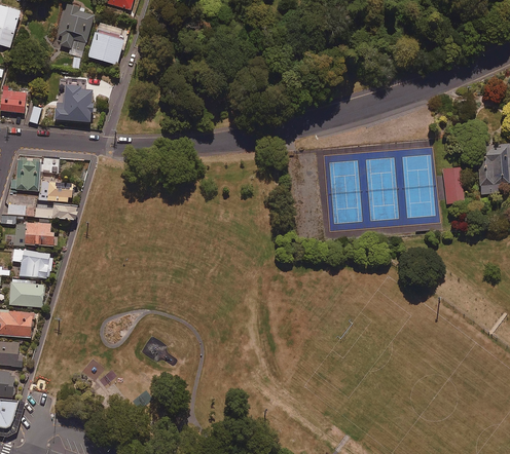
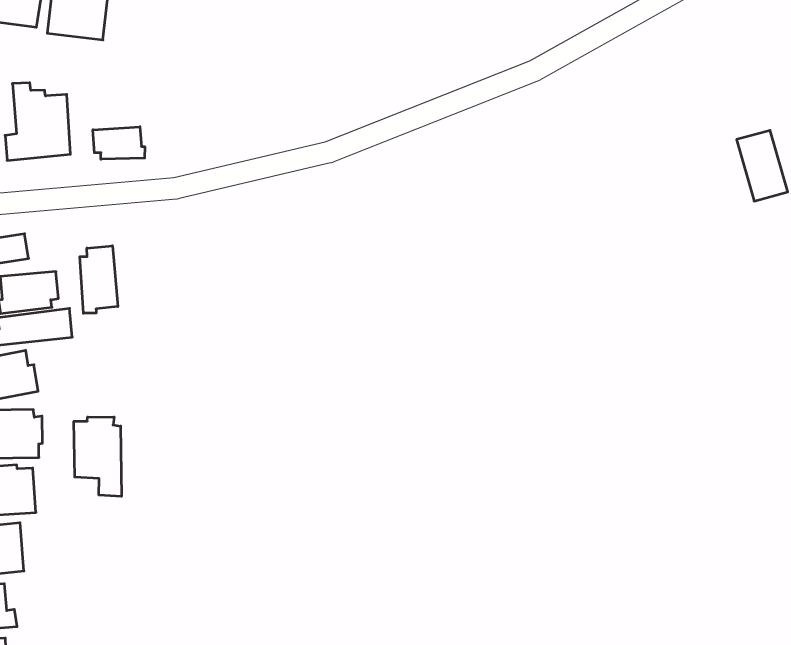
building: none -> [93,127,145,159]
building: none -> [80,246,118,313]
building: none -> [74,417,121,496]

